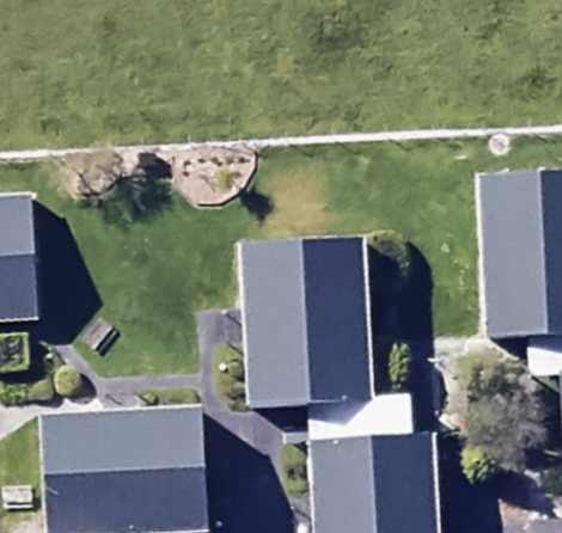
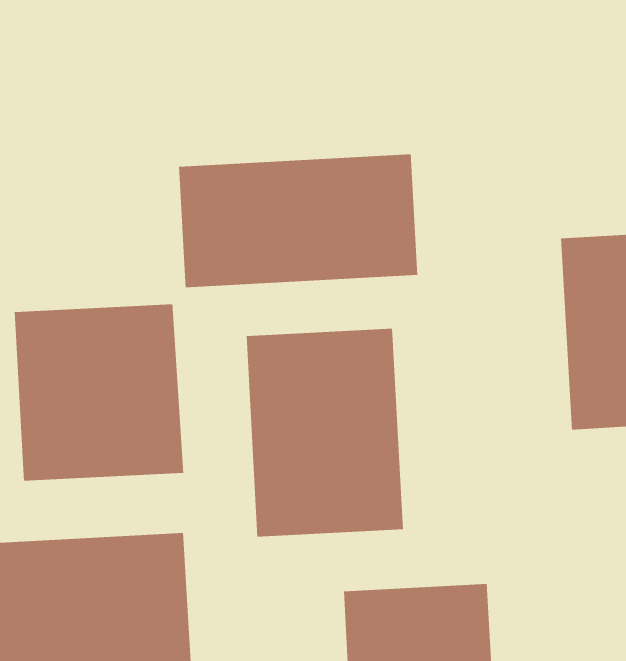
building: none -> [178,154,418,288]
building: none -> [14,304,184,482]

